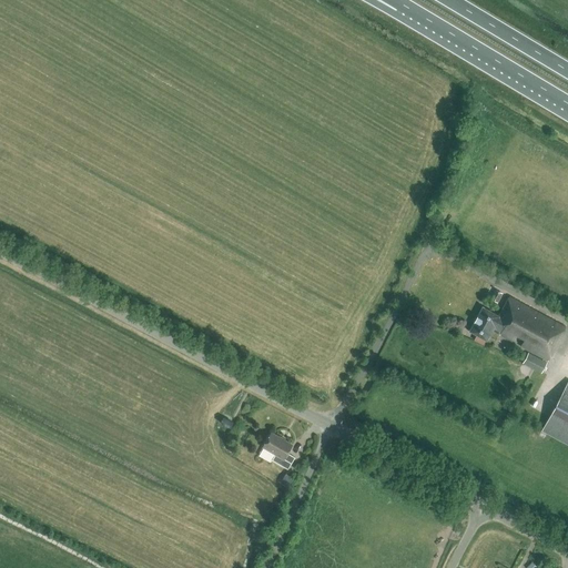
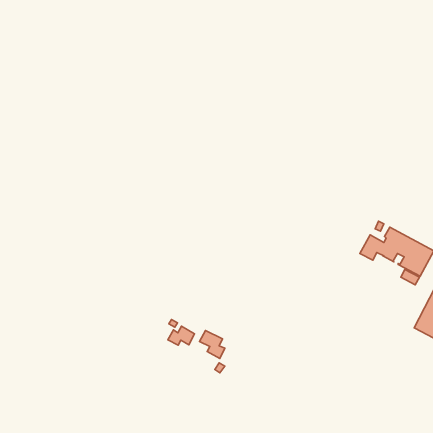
building: none -> [168,326,195,345]

